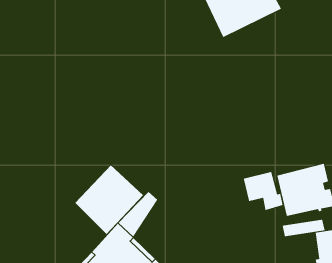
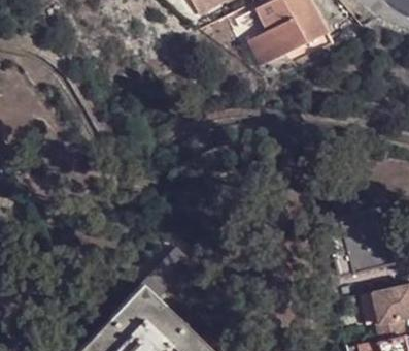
building: [75,164,144,235] -> none
building: [243,171,283,211] -> none

